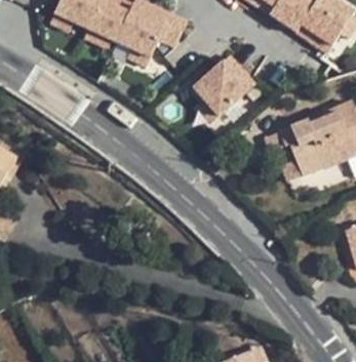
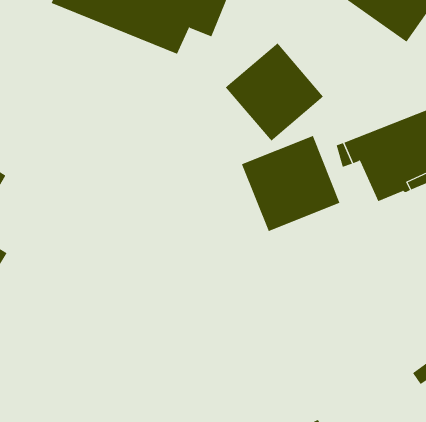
building: none -> [241,135,340,232]

